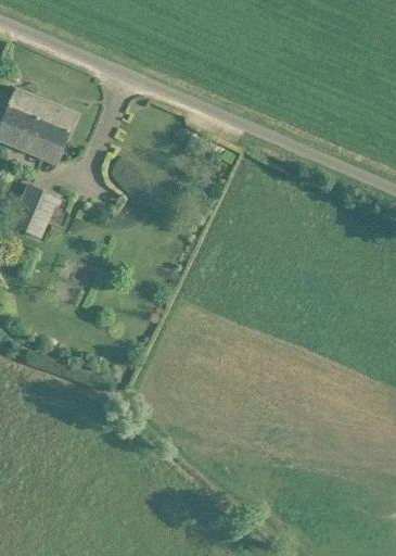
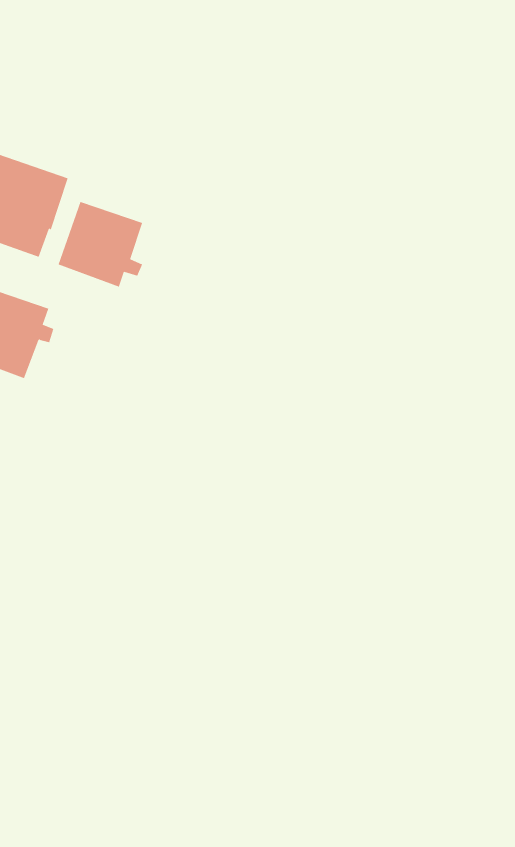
building: none -> [58,201,143,287]

